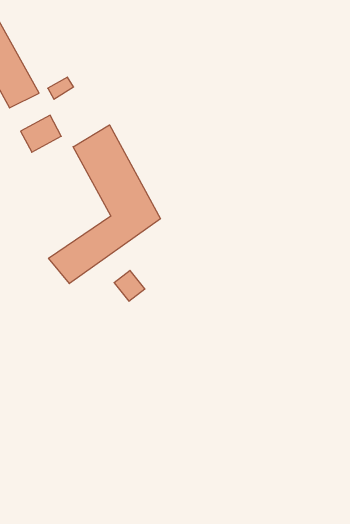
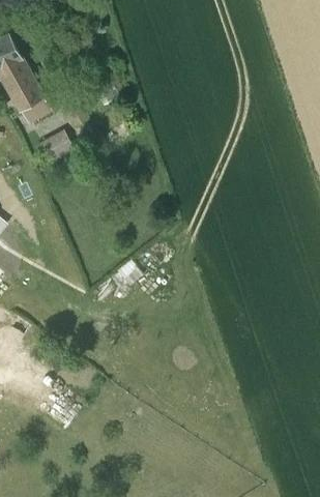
building: [49,125,160,284] -> none

